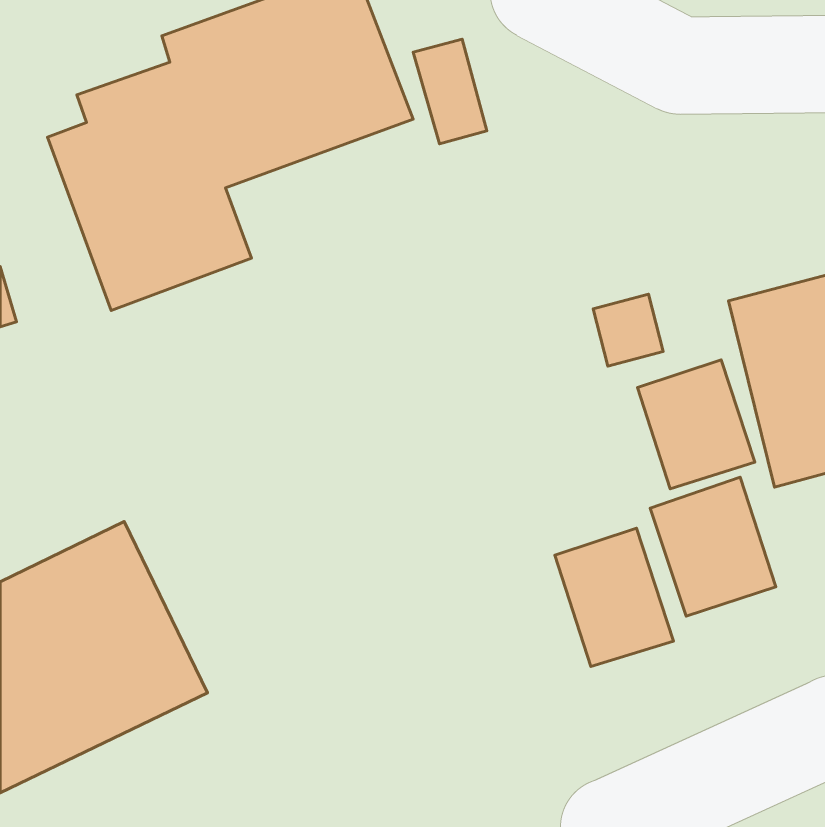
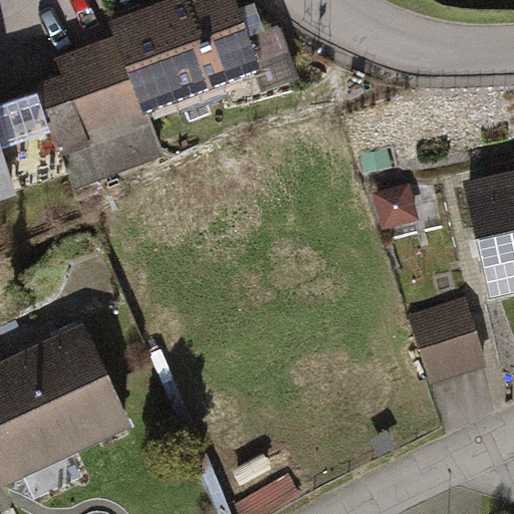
building: [638,360,755,489] -> none
building: [555,528,673,667] -> none

